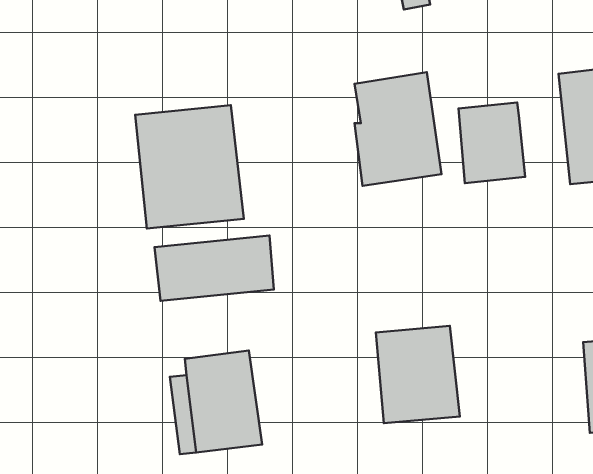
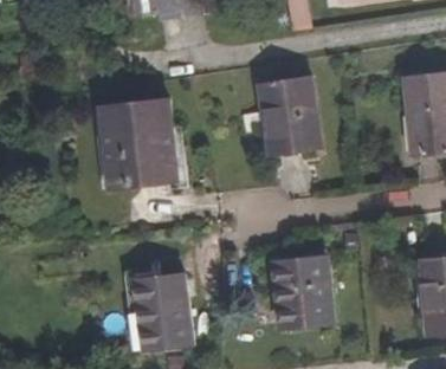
building: [458,102,525,183] -> none
building: [154,235,274,301] -> none

